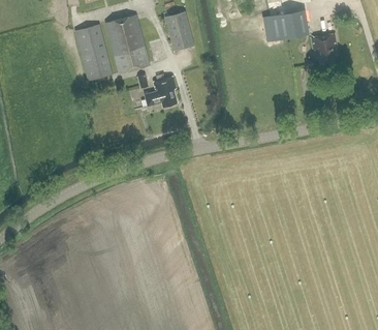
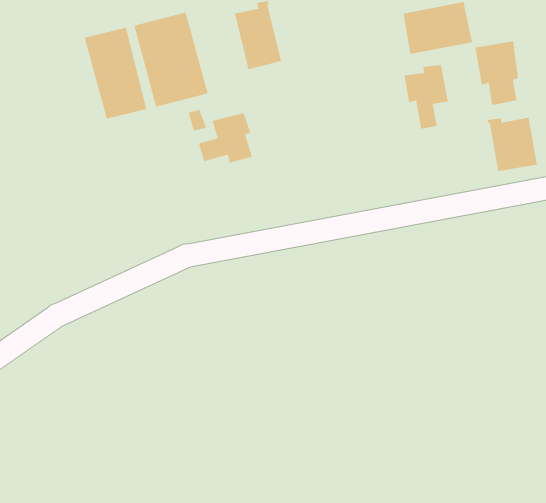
building: none -> [404,64,448,129]
building: none -> [487,117,537,172]

